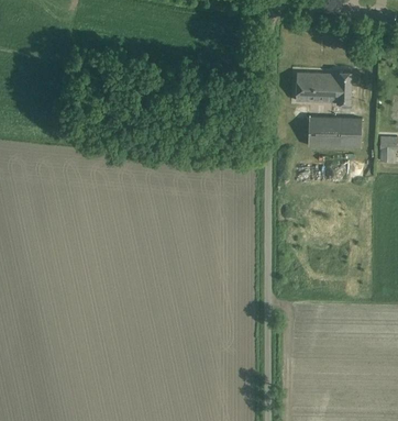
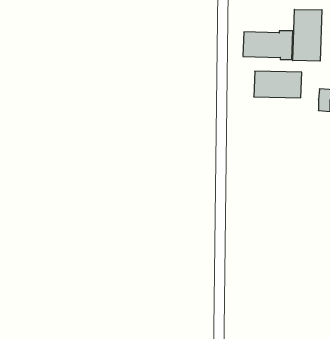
building: none -> [293,9,322,61]

